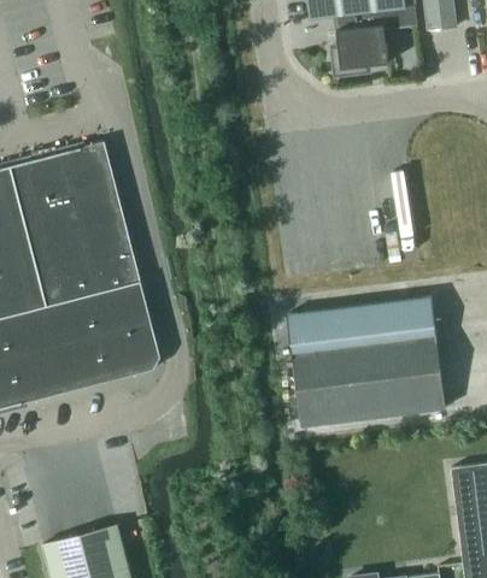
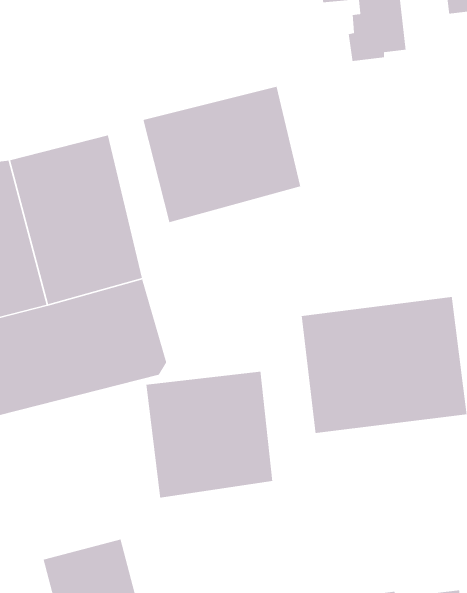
building: none -> [142,86,301,223]
building: none -> [145,371,273,498]

